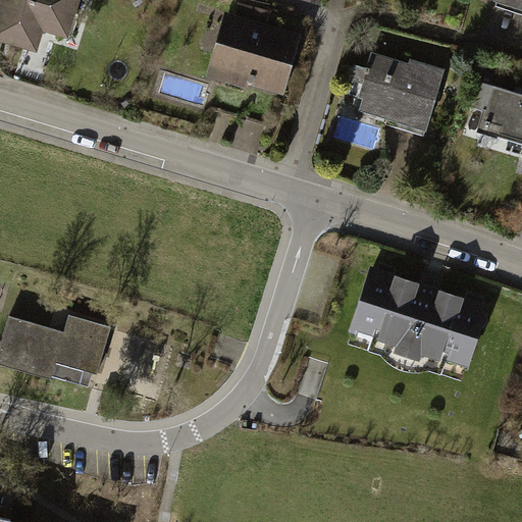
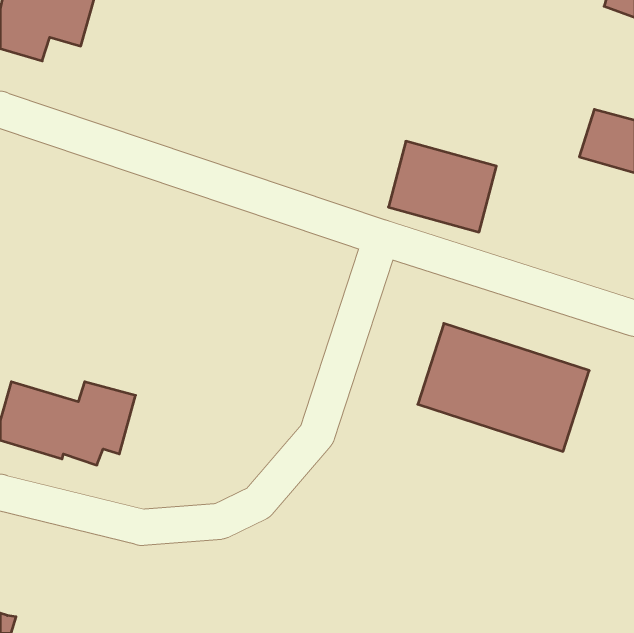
building: [204,20,294,98] -> none
building: [354,55,442,129] -> [388,141,496,232]

